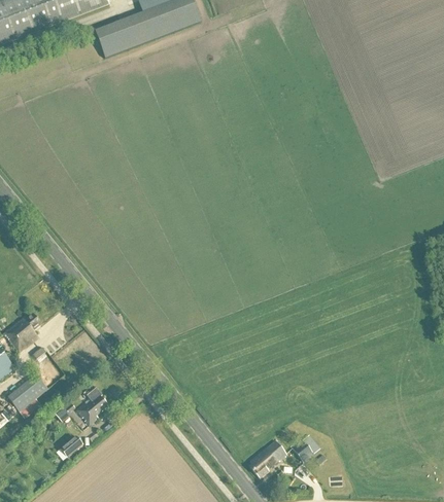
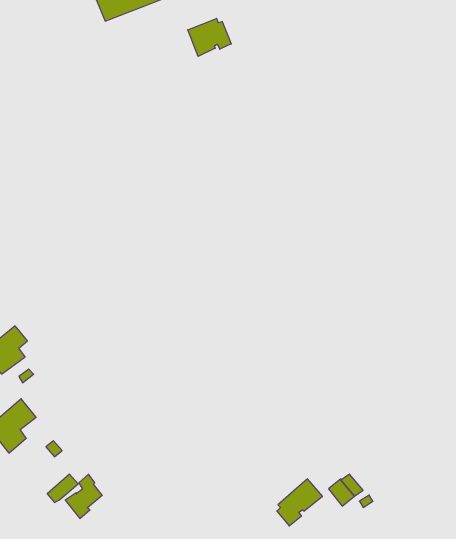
building: none -> [188,18,231,56]
building: [76,387,107,424] -> [65,474,102,519]

